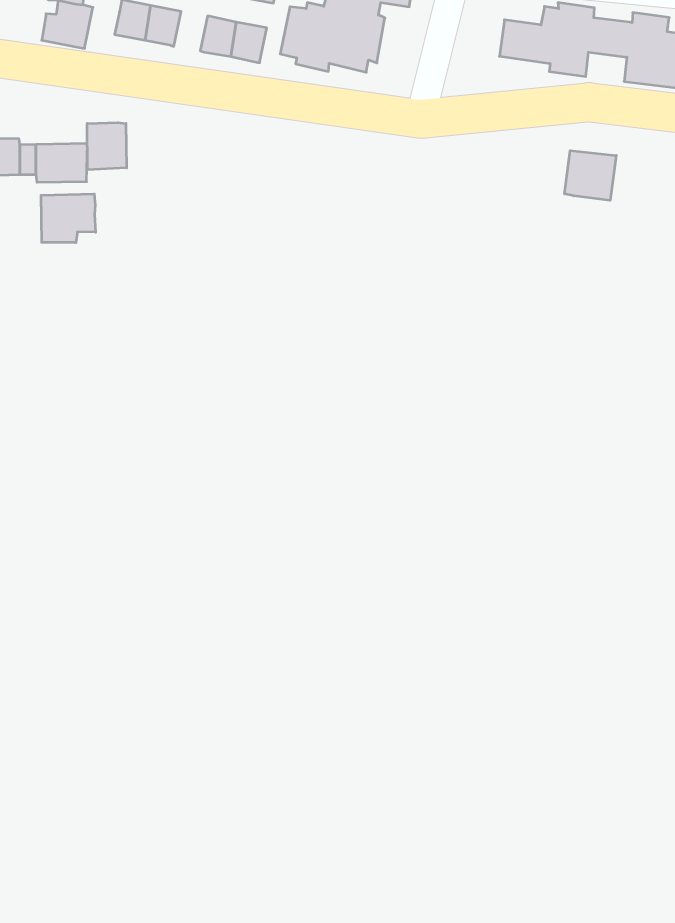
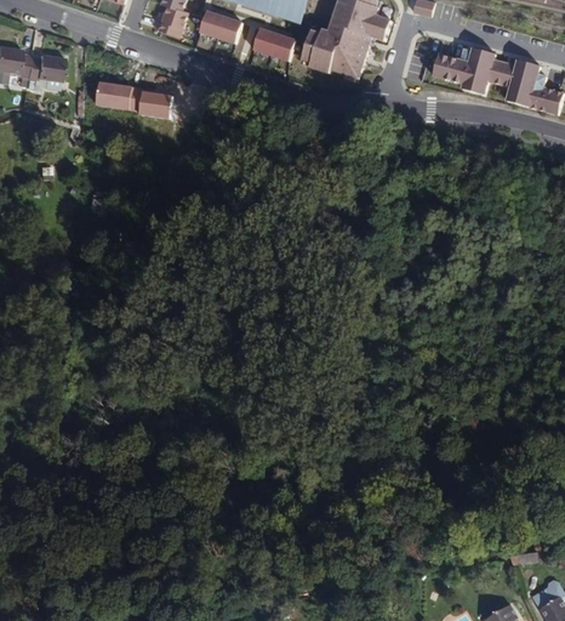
building: [87,123,127,170] -> none
building: [565,151,616,200] -> none
building: [41,194,96,243] -> none

